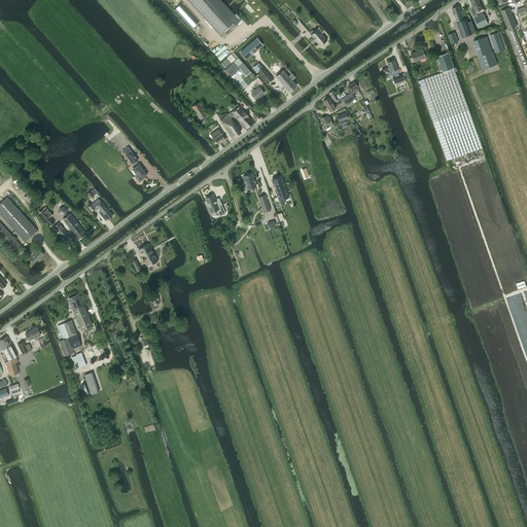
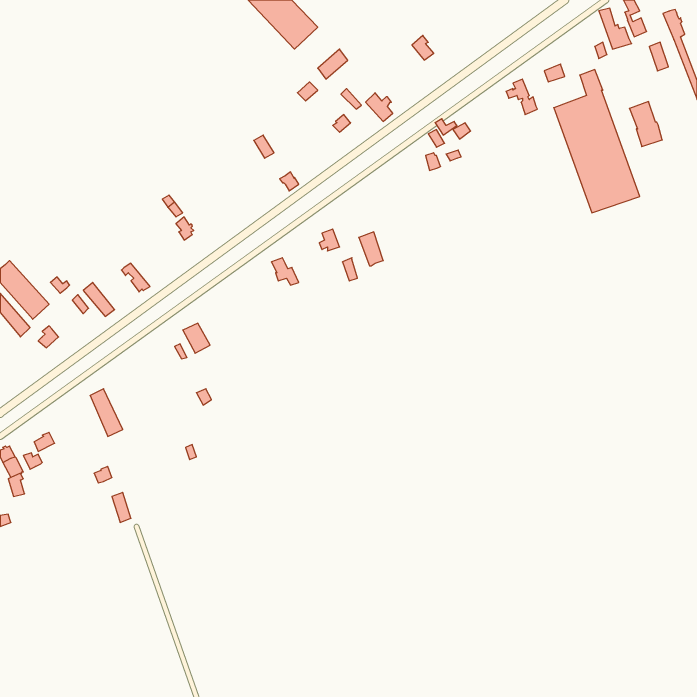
building: [472,36,497,70] -> [629,102,662,147]
building: [220,105,253,138] -> none
building: [58,320,81,356] -> none

